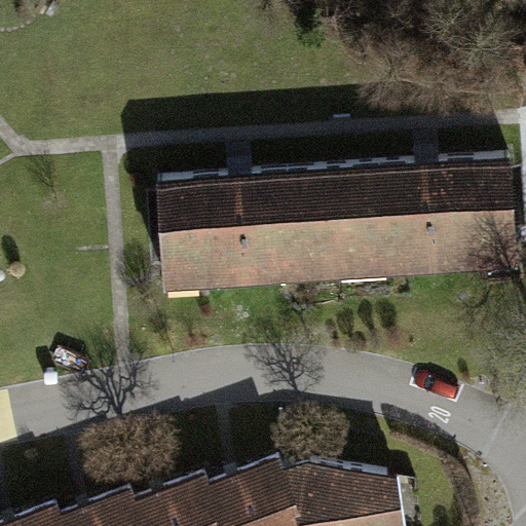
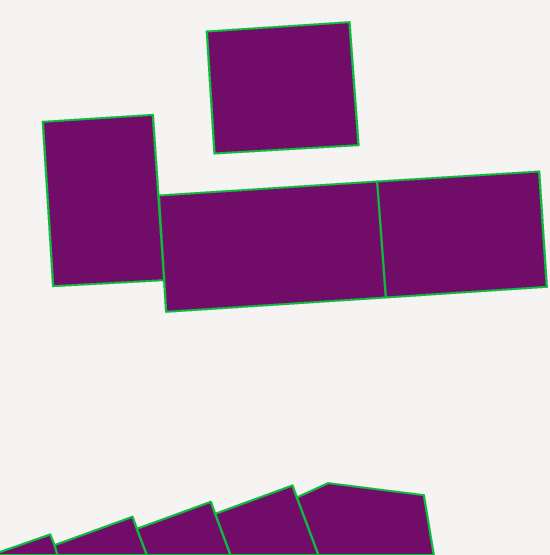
building: none -> [207,22,359,154]
building: none -> [43,115,164,286]

